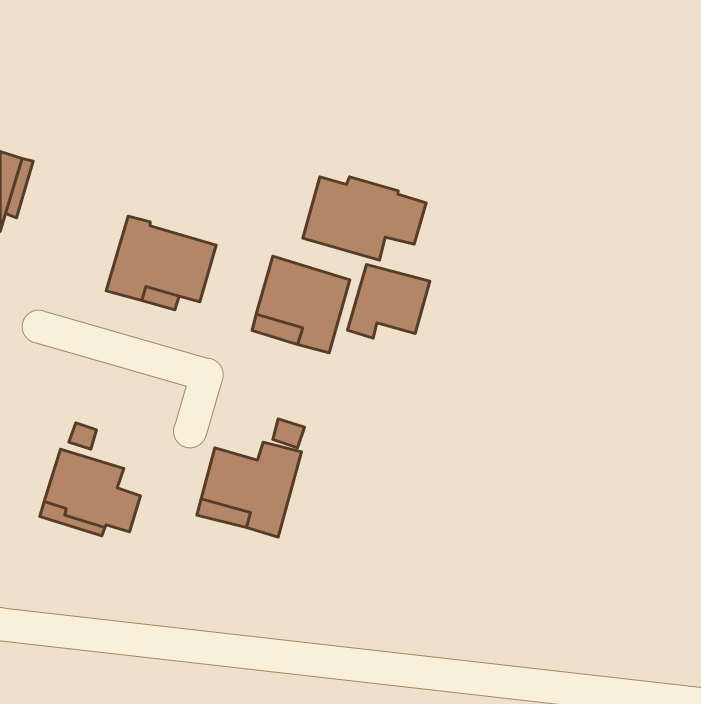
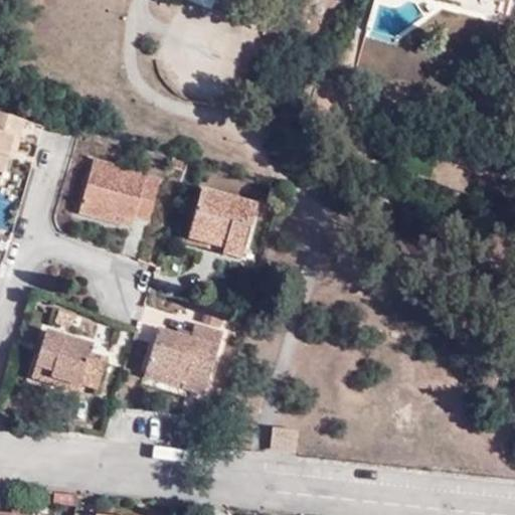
building: [303,177,426,260] -> none
building: [348,264,430,338] -> none

